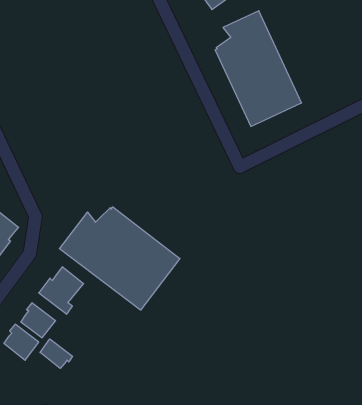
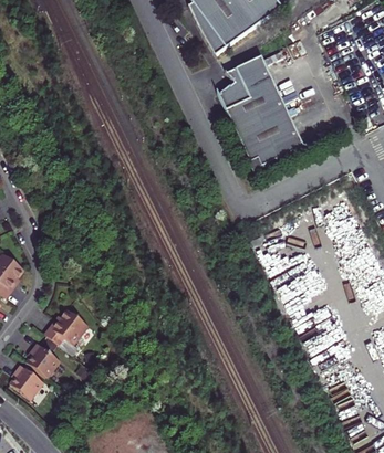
building: [59,207,180,310] -> none
building: [40,339,73,368] -> none

